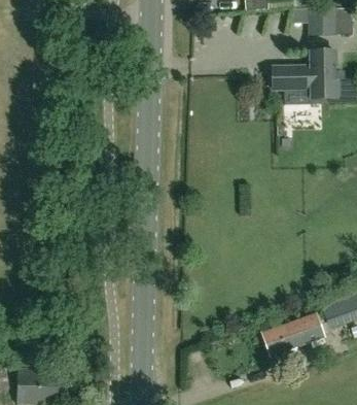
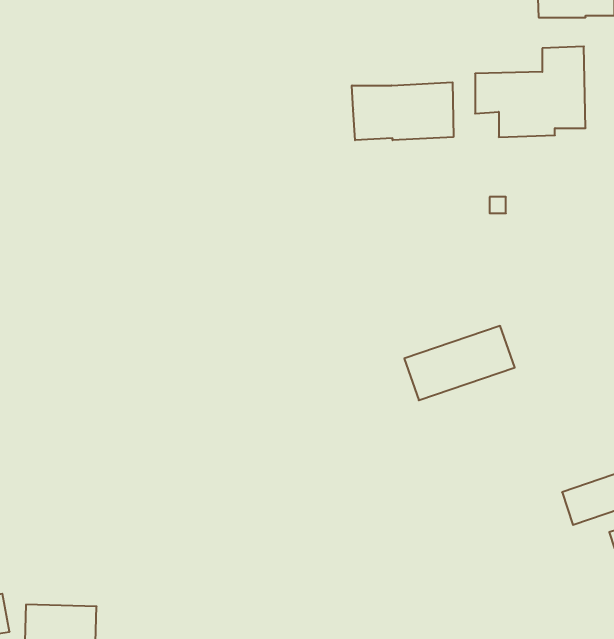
building: none -> [352,82,453,140]
building: [262,312,325,355] -> [404,326,515,400]

